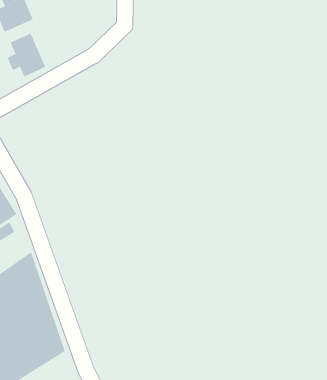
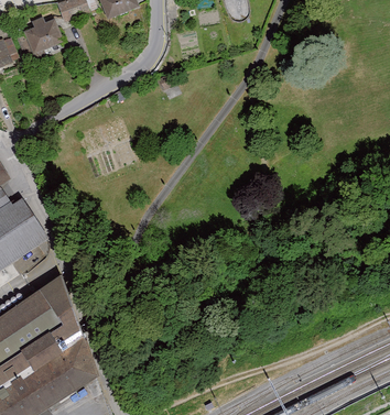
building: [7,33,46,77] -> none

